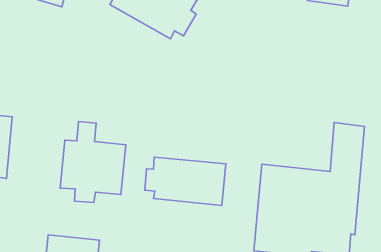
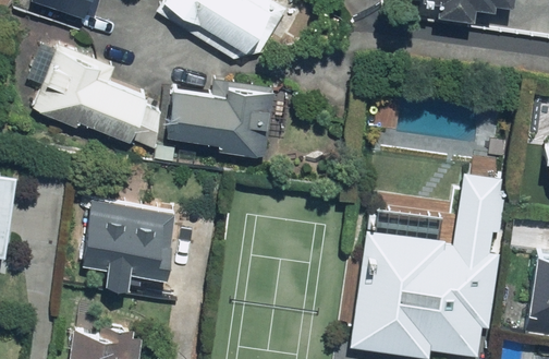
building: none -> [23,46,161,149]
building: none -> [173,83,272,154]
building: [145,157,226,206] -> none

